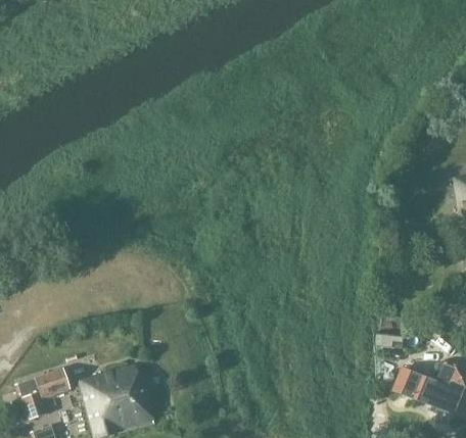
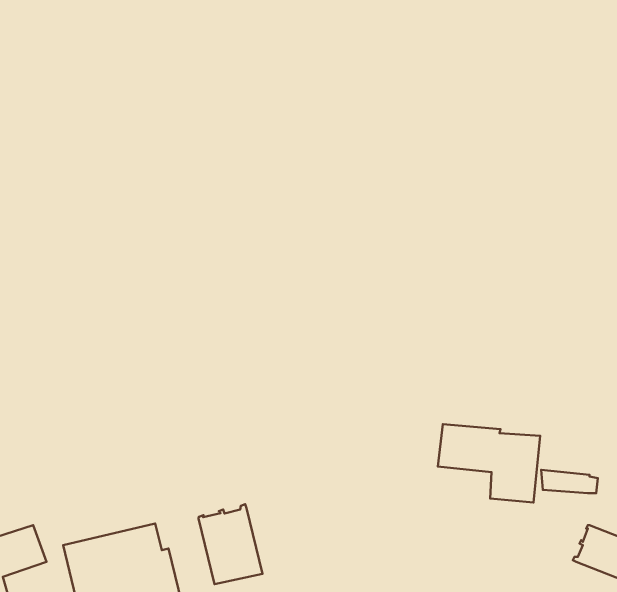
building: none -> [438,424,540,503]
building: none -> [199,504,262,584]

